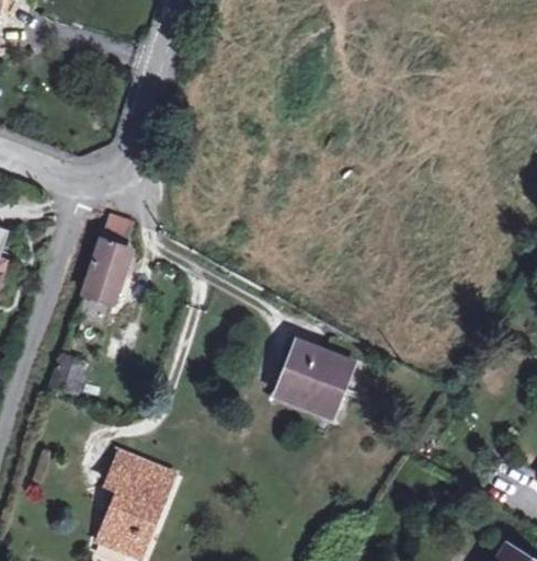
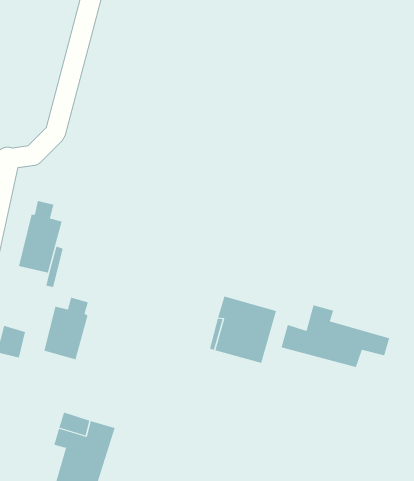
building: none -> [44,297,89,360]
building: none -> [281,304,390,368]

